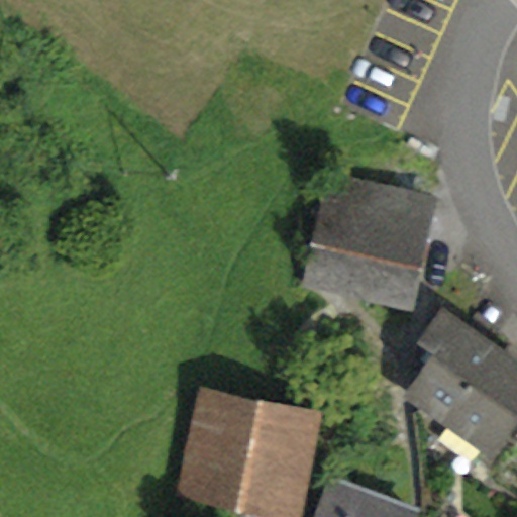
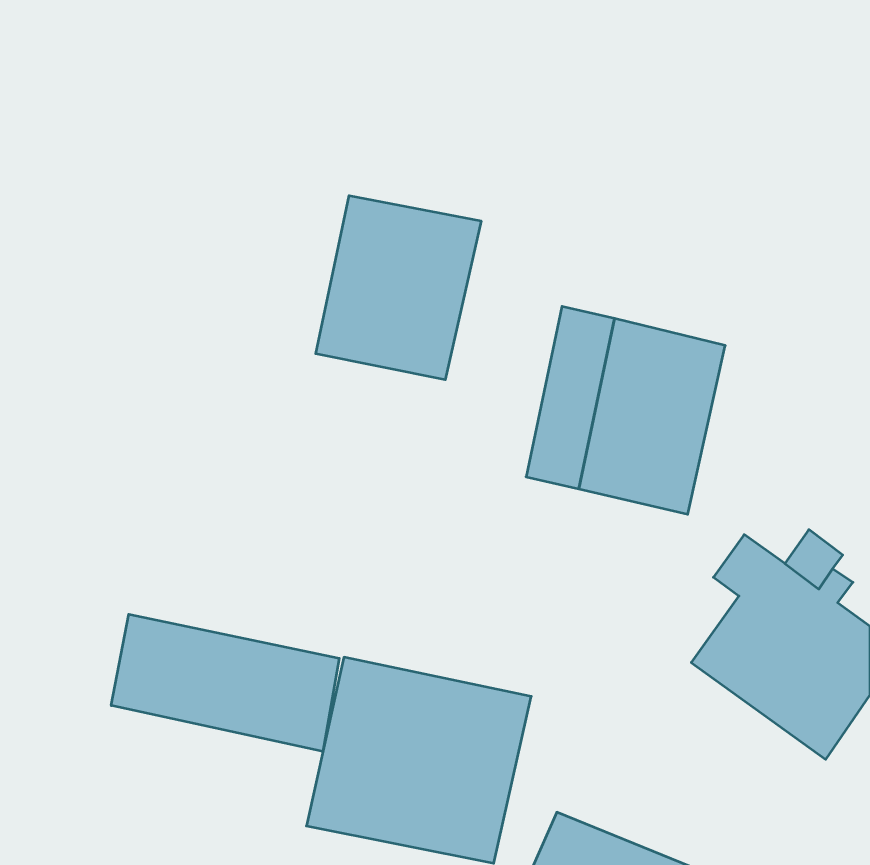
building: none -> [316,196,481,380]
building: none -> [111,614,339,752]

